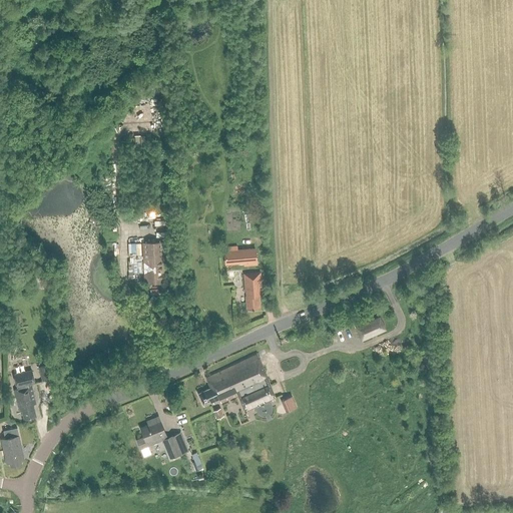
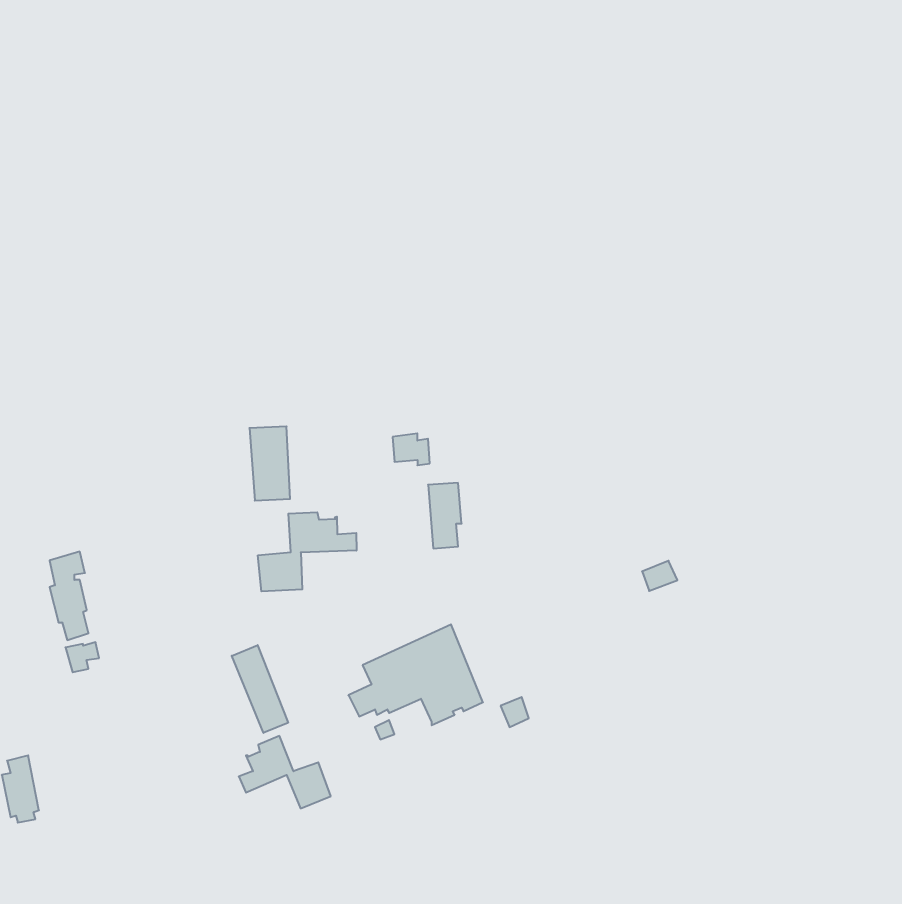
building: none -> [258,512,356,591]
building: none -> [232,645,288,733]
building: [13,371,35,421] -> [50,552,89,640]

